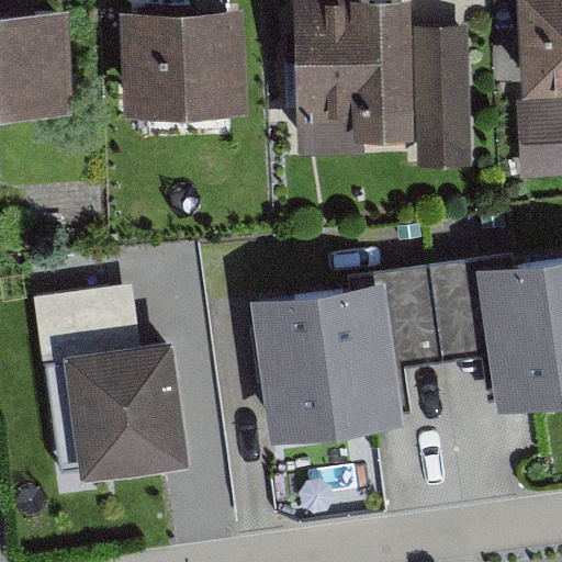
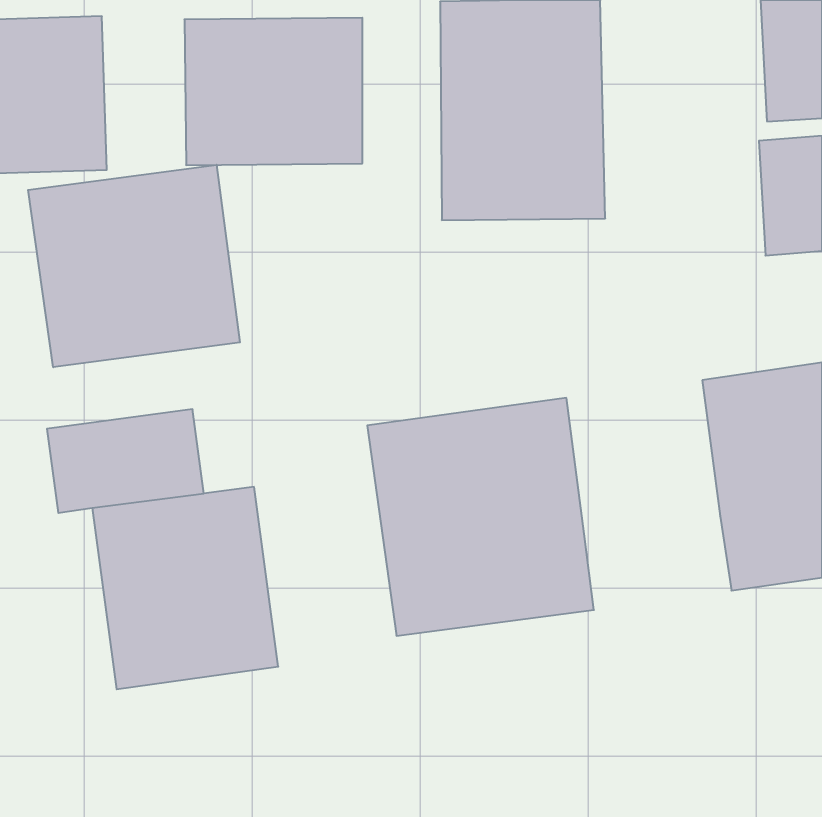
building: [419,24,470,168] -> none
building: none -> [28,165,240,367]
building: [384,265,488,369] -> none

